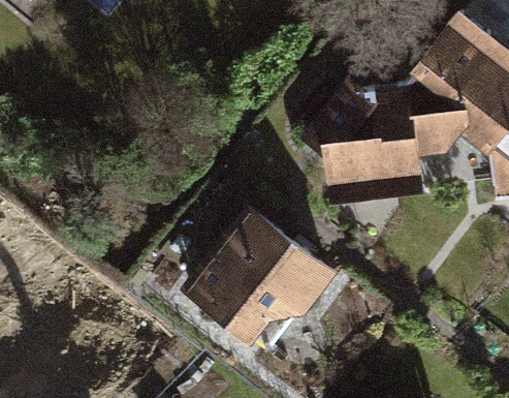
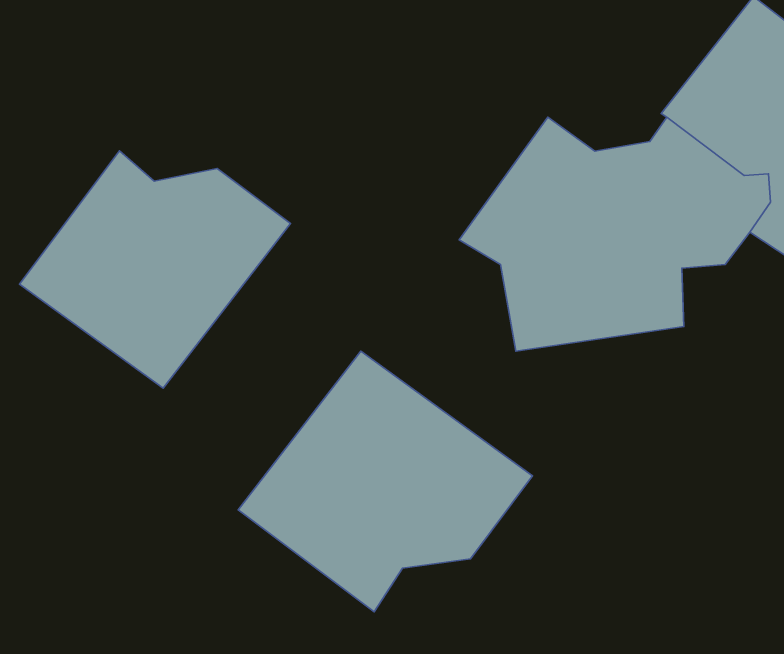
building: none -> [20,151,290,388]

